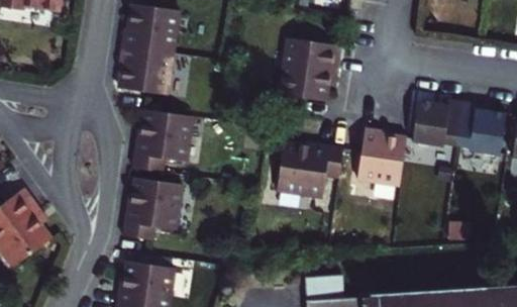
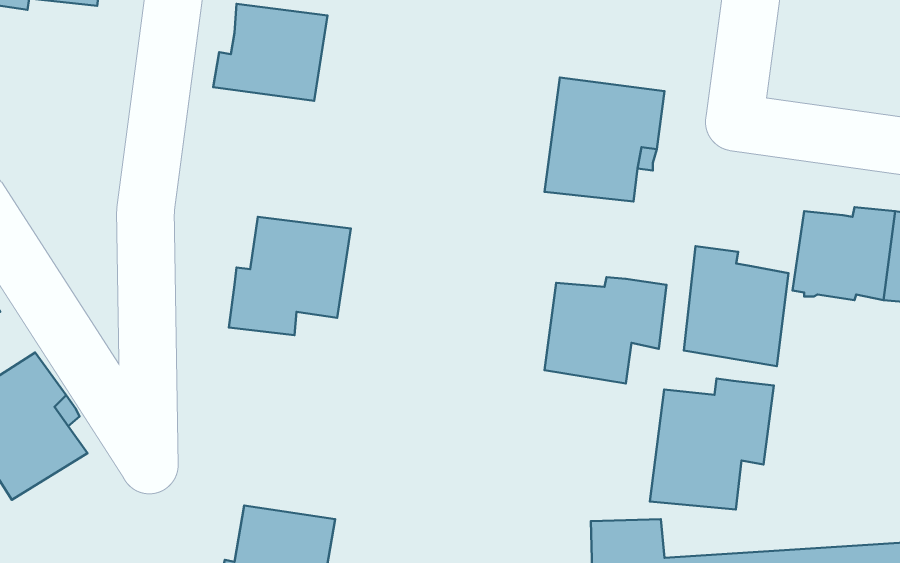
building: [115,48,170,99] -> none
building: [116,185,179,248] -> none
building: none -> [650,378,774,510]

